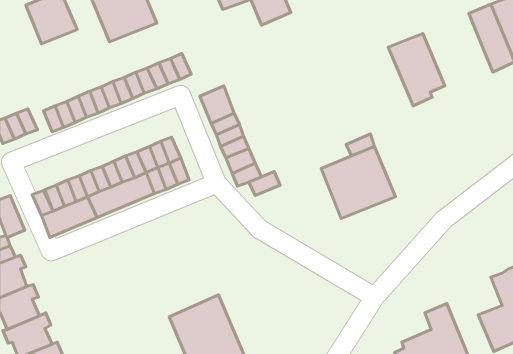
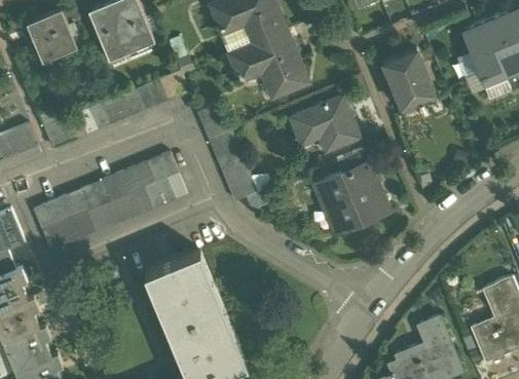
building: none -> [230,30,308,98]
building: none -> [290,96,360,152]
building: none -> [145,255,216,329]

